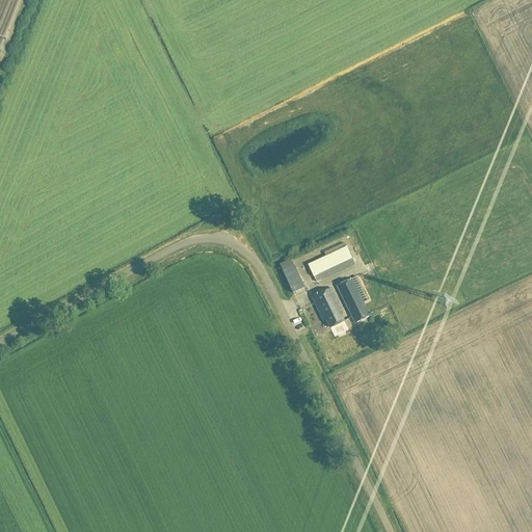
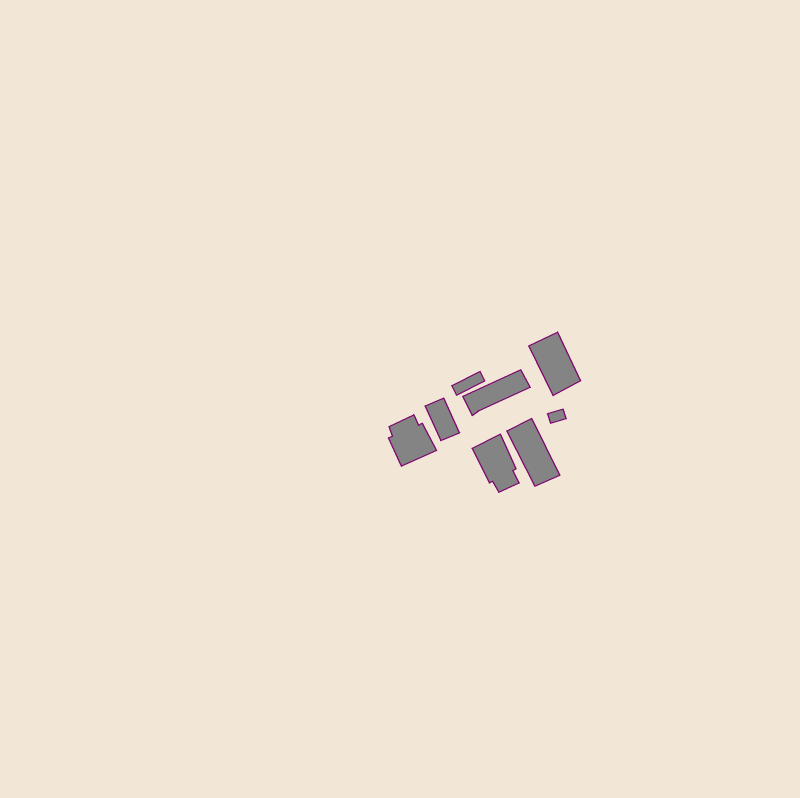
building: none -> [529,332,580,396]
building: none -> [389,415,437,466]

